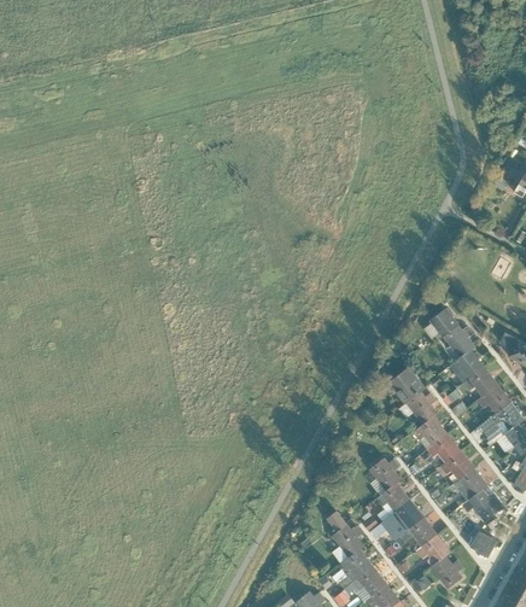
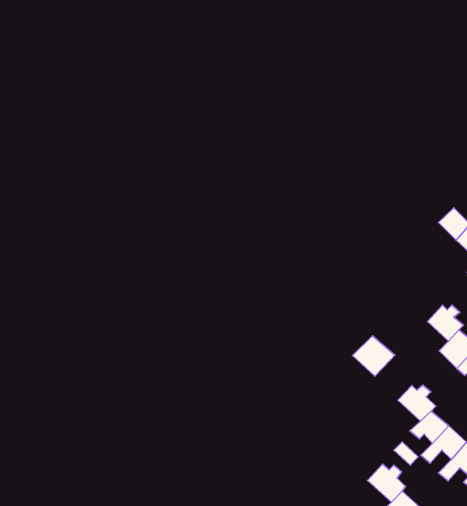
building: [391,369,428,405] -> [352,336,395,376]

